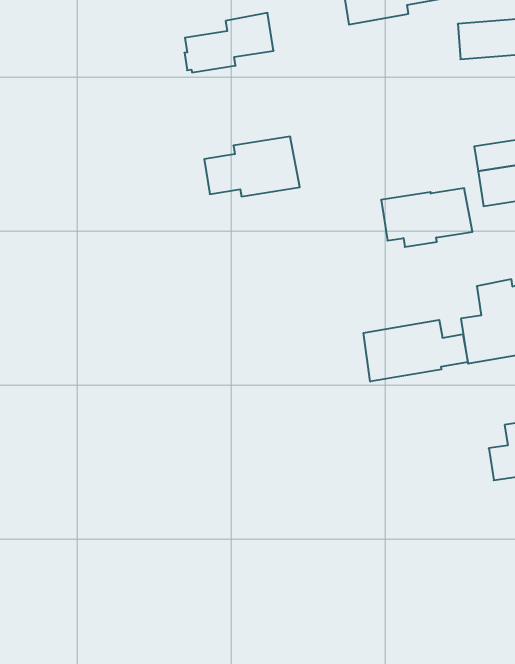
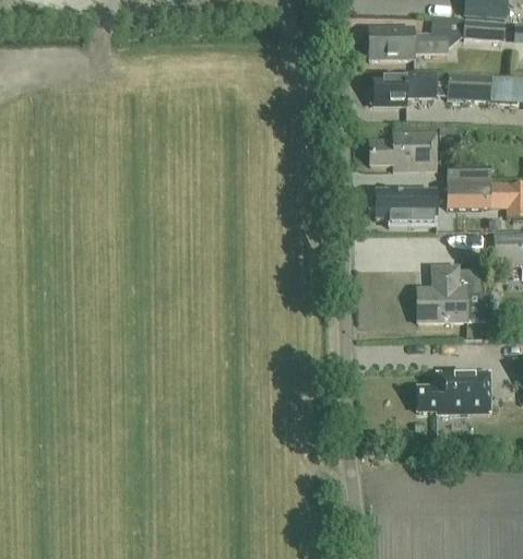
building: [184,13,274,72] -> [370,69,436,104]
building: [204,137,300,196] -> [370,131,437,169]
building: [364,320,468,382] -> none

